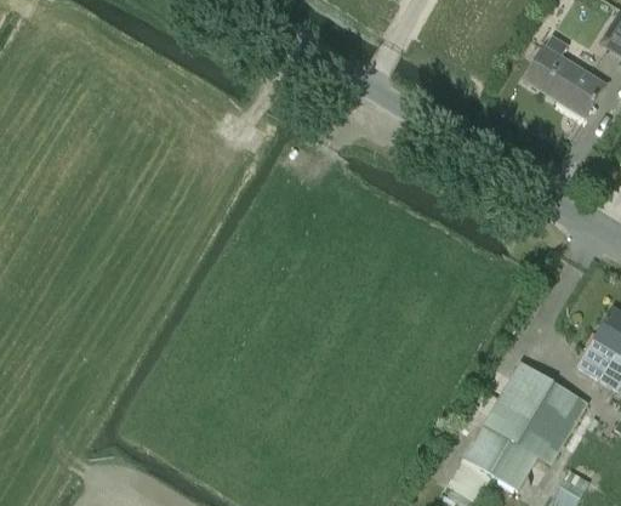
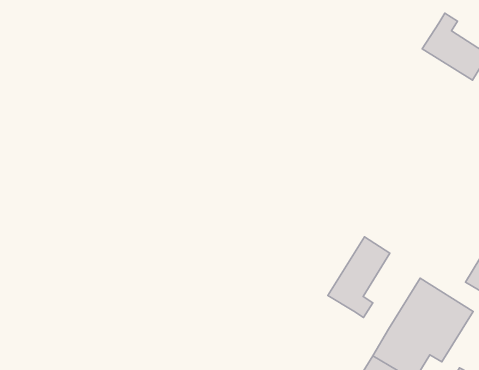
building: none -> [328,237,390,317]

